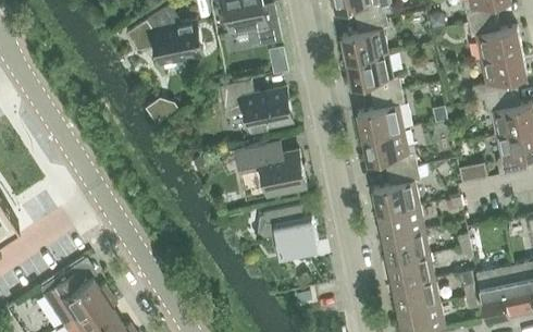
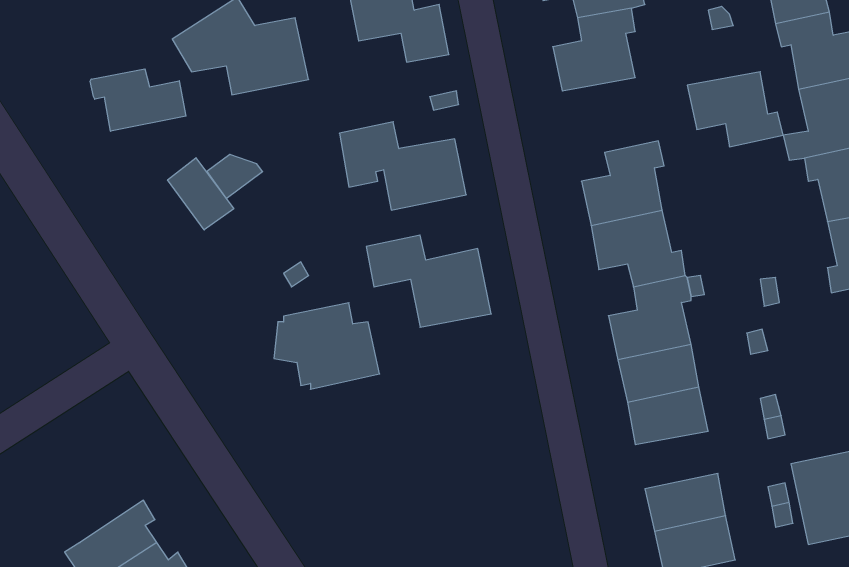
building: none -> [90,69,186,131]
building: [346,54,400,97] -> [687,72,783,147]
building: none -> [168,158,234,230]
building: [258,205,318,254] -> [274,303,380,389]
building: [387,255,434,287] -> none
building: [45,273,109,323] -> none

